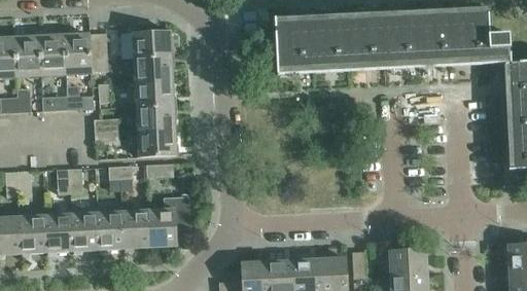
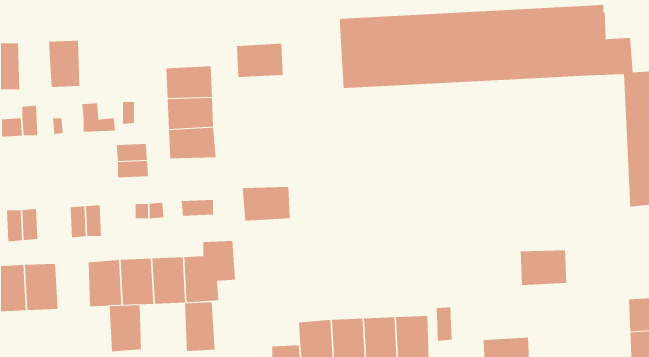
building: [133,30,171,58] -> [236,43,283,78]
building: [64,33,108,72] -> none
building: [15,36,41,75] -> none
building: [137,130,176,157] -> [242,187,290,221]
building: [45,214,72,252] -> [109,305,142,352]
building: none -> [185,301,215,352]
building: [389,248,427,277] -> [520,250,567,286]

